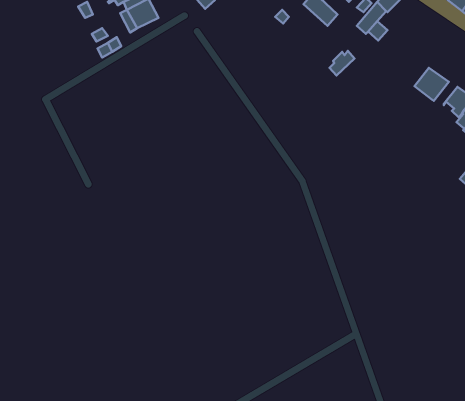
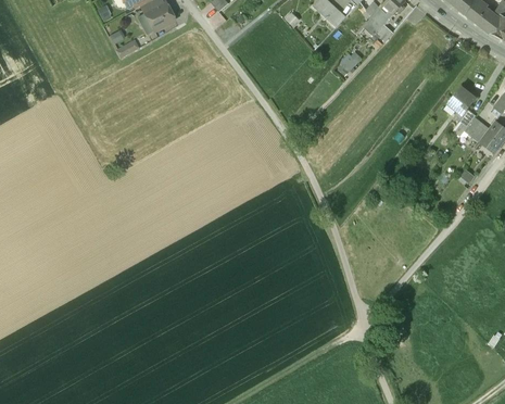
building: [414,68,449,101] -> none

